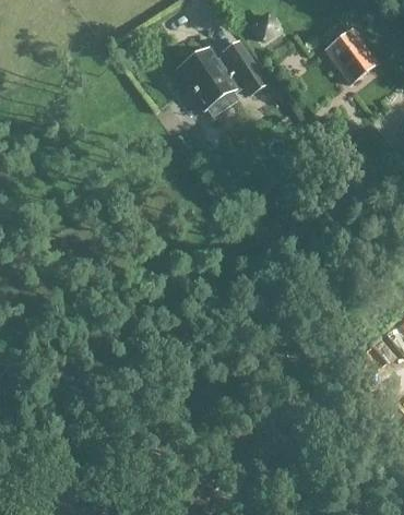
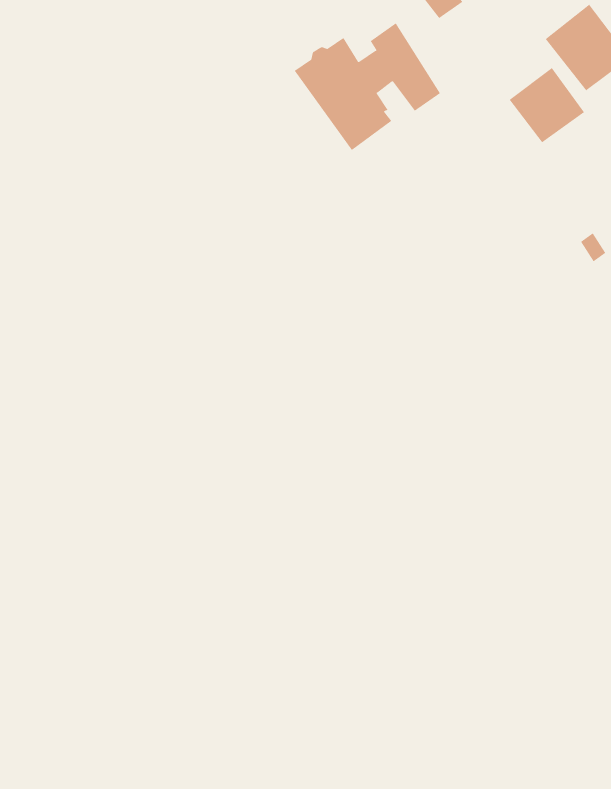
building: none -> [509,67,585,143]

